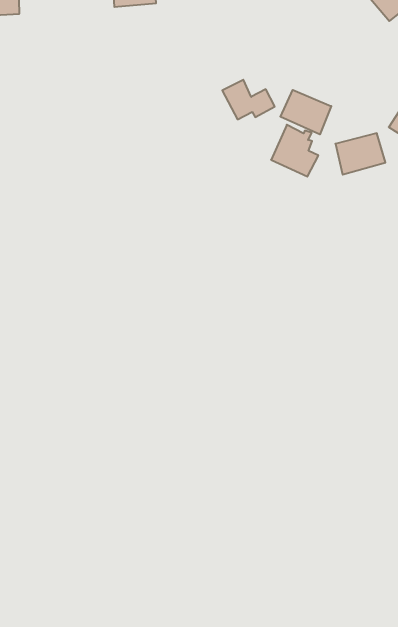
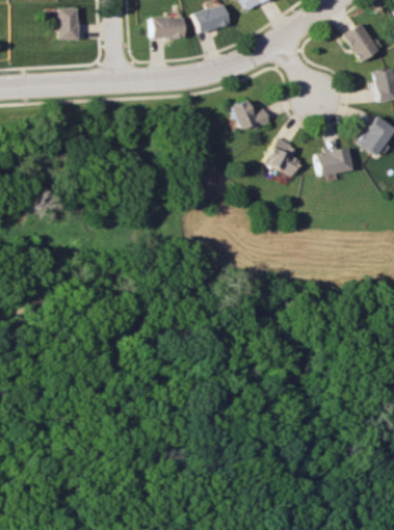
building: [280,90,331,134] -> none

